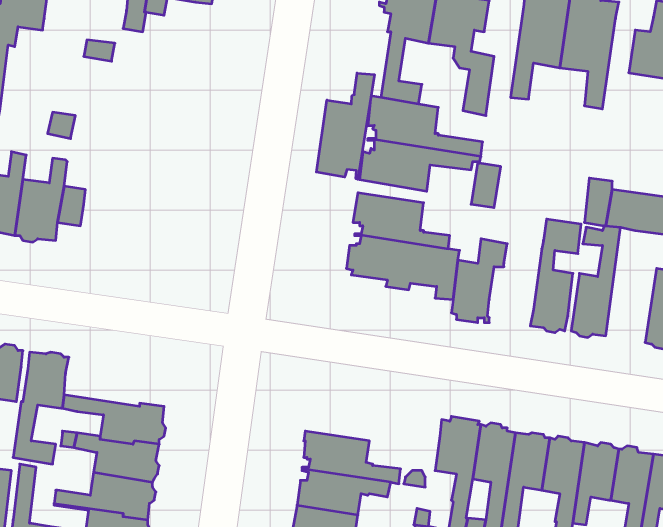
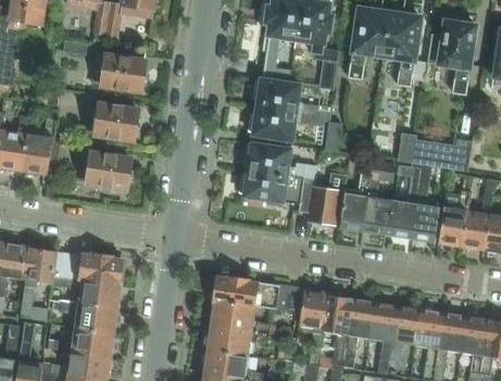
building: none -> [93,54,147,91]
building: [316,73,374,179] -> none
building: none -> [86,102,139,140]
building: none -> [78,151,133,189]
building: none -> [412,165,439,242]
building: none -> [340,173,371,230]
building: none -> [53,251,125,283]
building: none -> [212,276,300,313]

